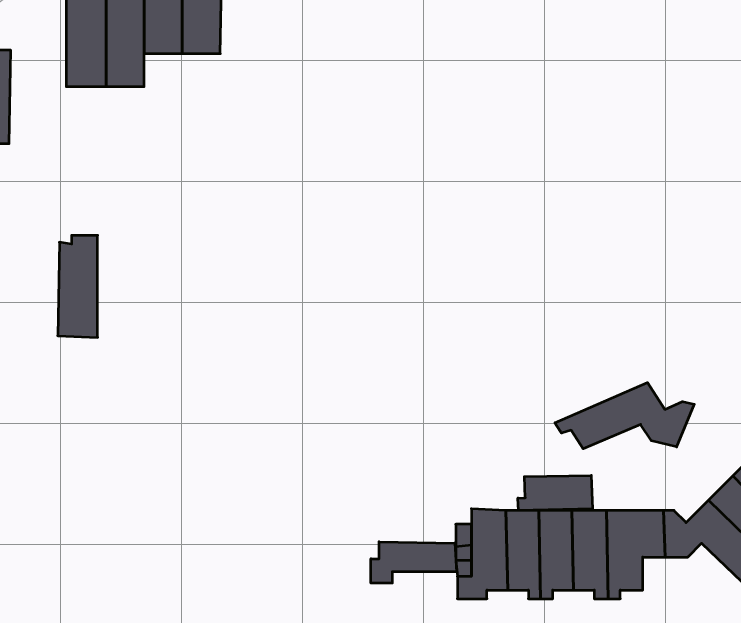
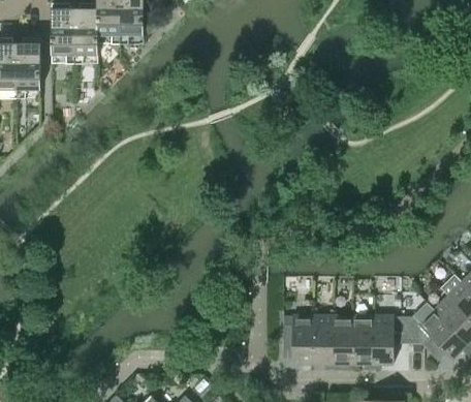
building: [58,235,98,337] -> [17,36,40,97]
building: [555,383,694,449] -> none
building: [518,475,592,510] -> none
building: [371,542,456,583] -> none

